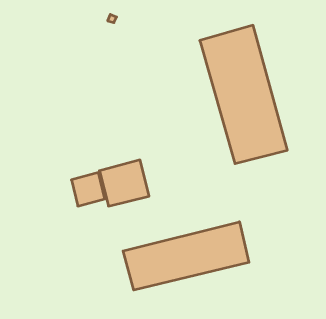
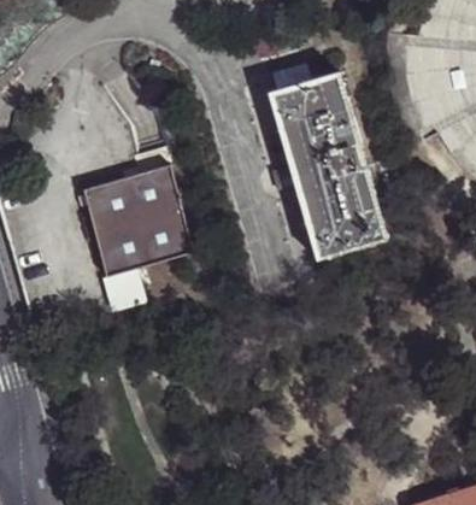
building: none -> [82,165,189,275]
building: [123,222,249,290] -> none

